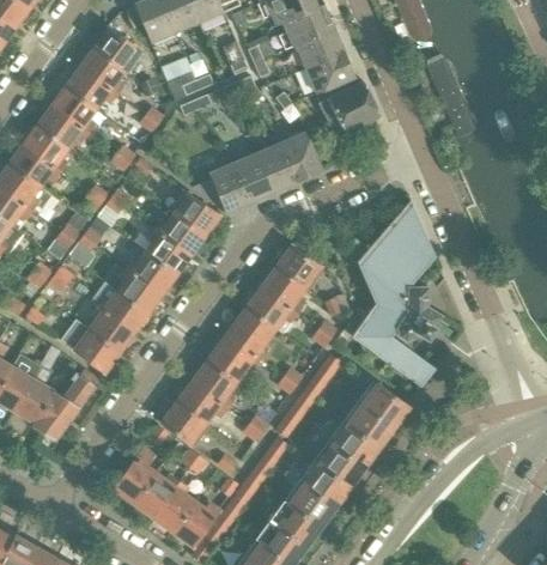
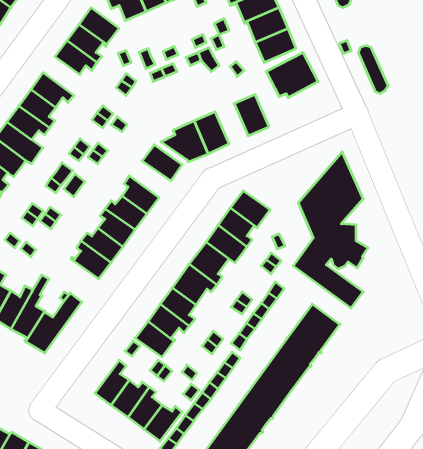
building: [51,86,96,133] -> none
building: [257,142,297,190] -> none
building: [154,211,205,255] -> none
building: [71,328,118,371] -> none

